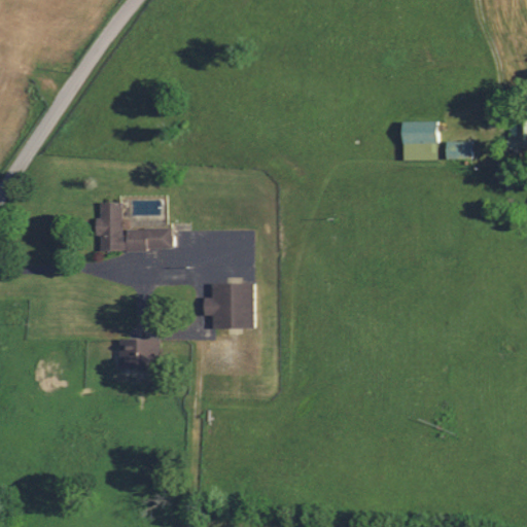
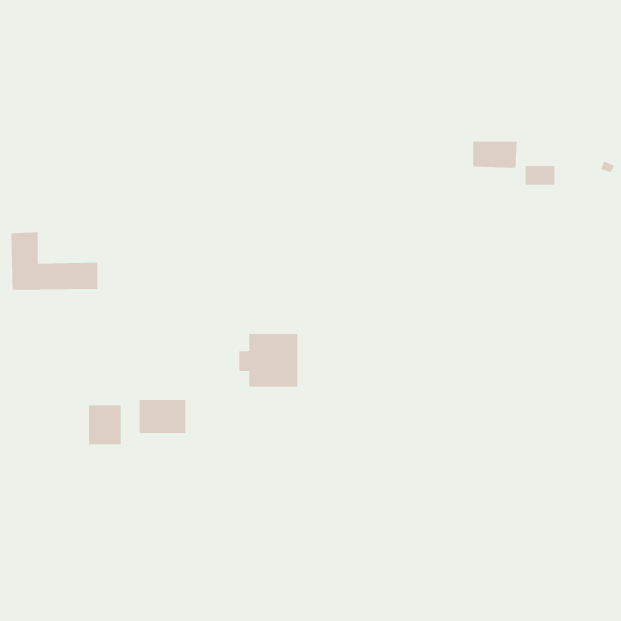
building: [97,202,171,251] -> [11,232,98,290]
building: none -> [88,405,121,445]

